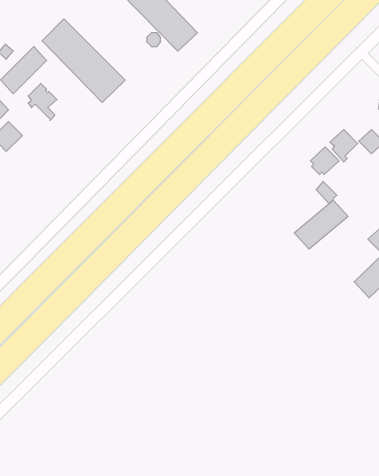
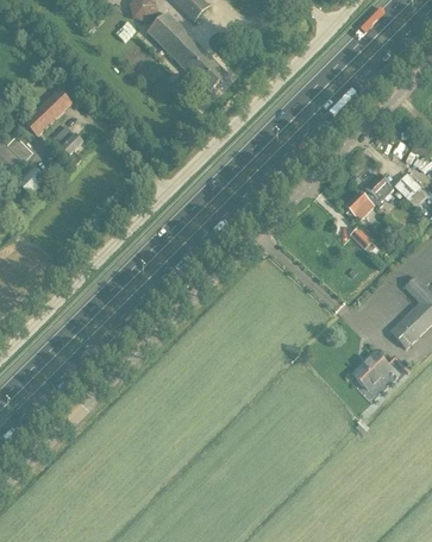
building: [42,19,125,102] -> none
building: [294,200,348,249] -> none
building: none -> [352,352,390,389]

